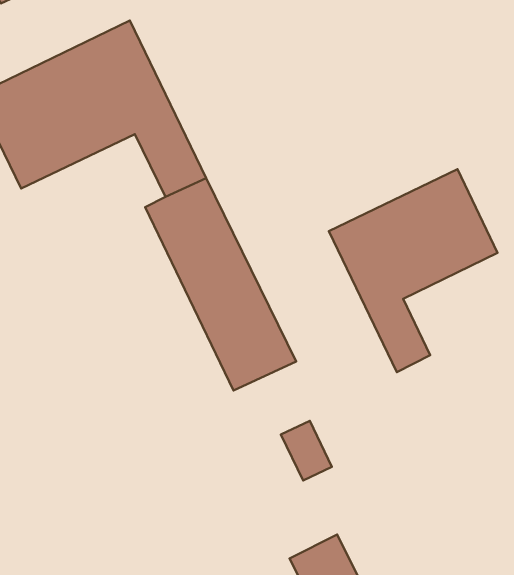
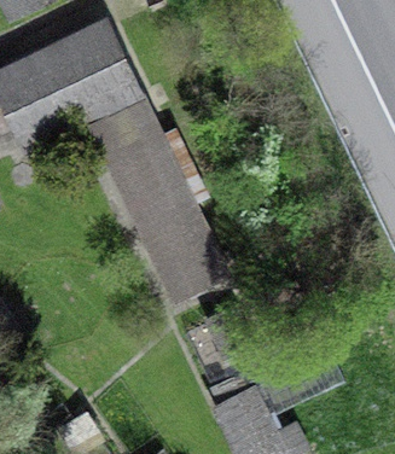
building: [329,169,497,372] -> none

